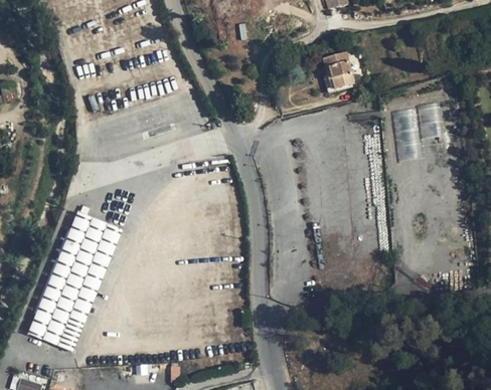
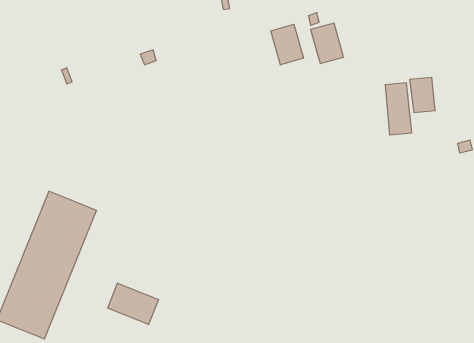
building: none -> [271,24,303,65]
building: none -> [108,283,158,325]

